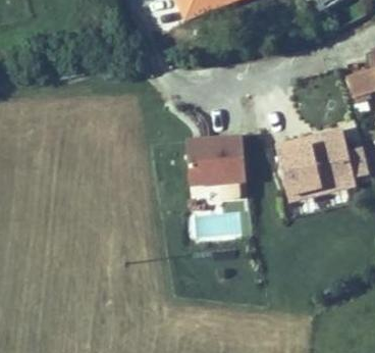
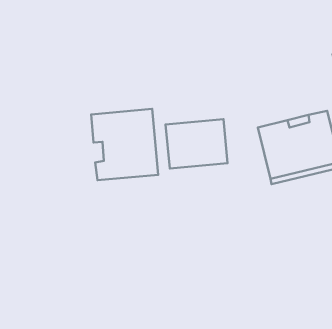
building: none -> [91,109,158,180]

